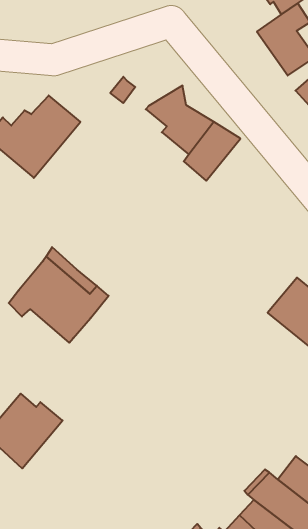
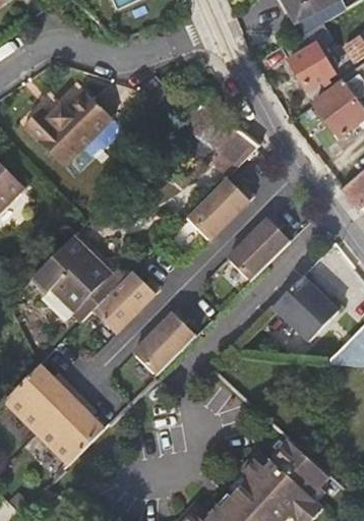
building: none -> [182,182,250,244]
building: none -> [225,217,287,285]
building: none -> [90,277,158,340]
building: none -> [131,312,194,381]
building: none -> [35,393,103,466]

